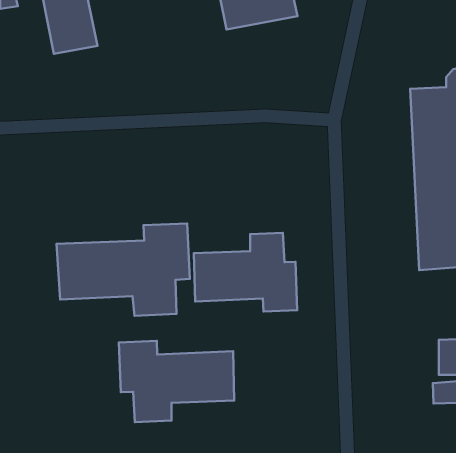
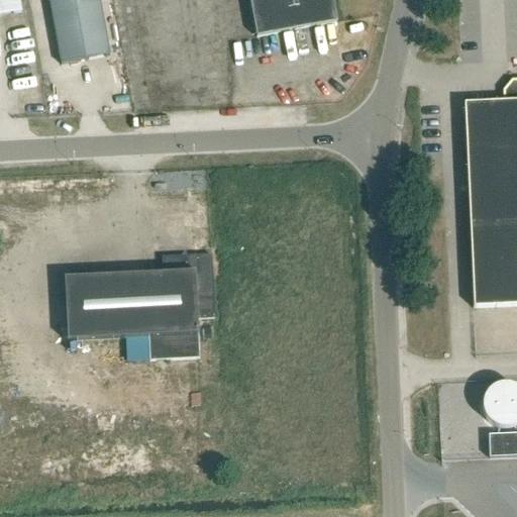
building: [194,233,297,312] -> none
building: [119,341,234,422] -> none

